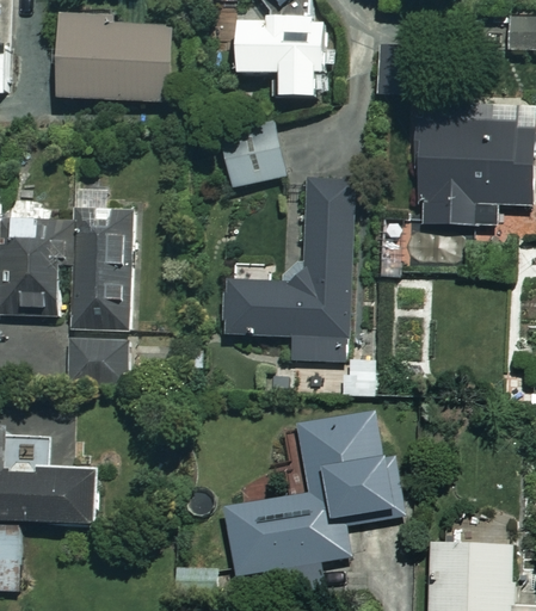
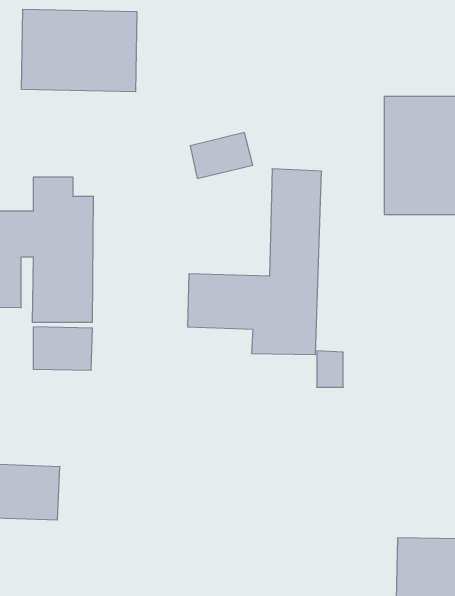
building: [235,17,327,98] -> none
building: [224,411,390,593] -> none

